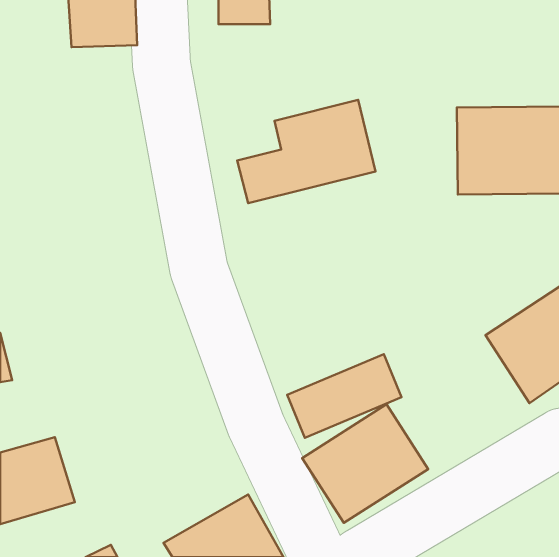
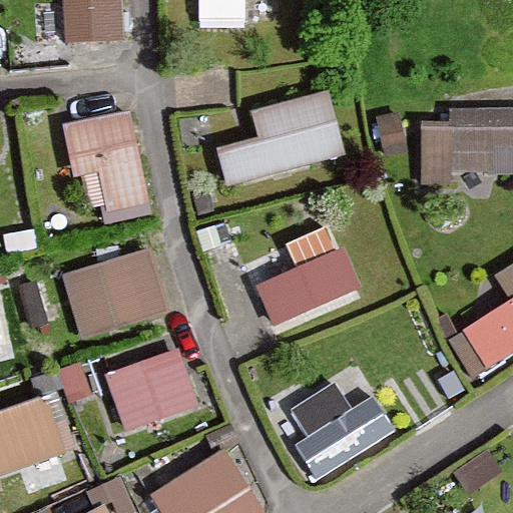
building: none -> [57,114,142,216]
building: none -> [61,249,166,344]
building: [287,354,401,438] -> [260,249,364,326]
building: none -> [99,347,193,430]

